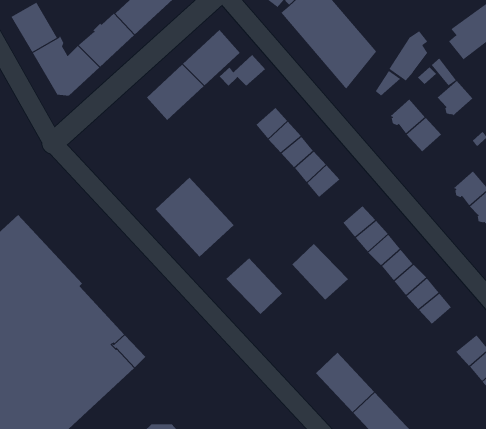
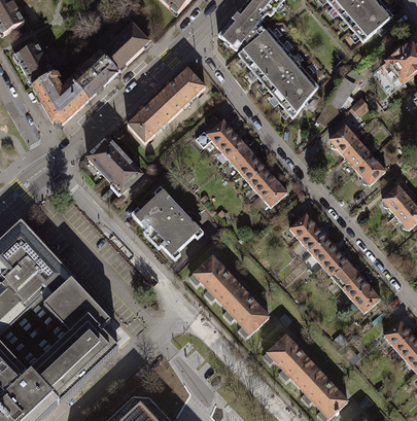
building: [219,54,266,86] -> [195,119,234,146]
building: [437,80,473,116] -> [355,154,385,184]
building: none -> [86,138,141,196]
building: [292,243,349,300] -> [221,286,269,334]

